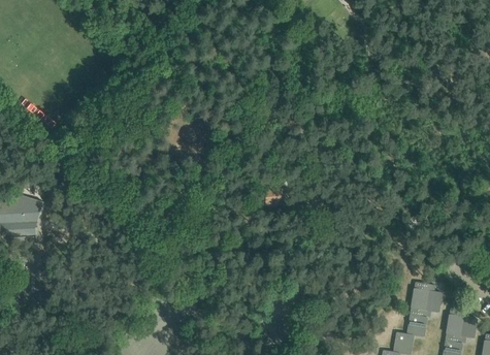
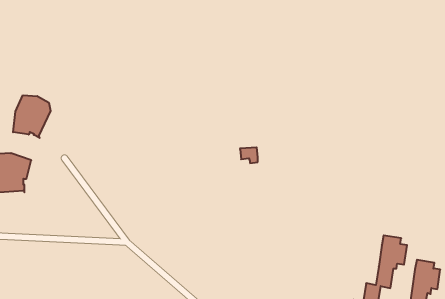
building: none -> [13,95,51,138]

